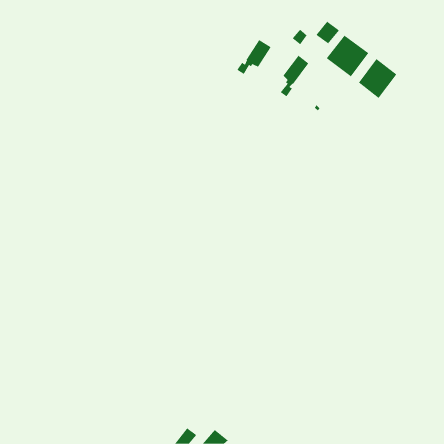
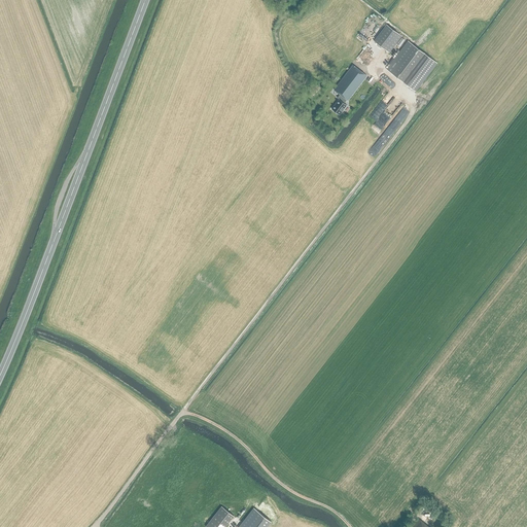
building: [237,39,271,75] -> none
building: [358,58,397,99] -> none

